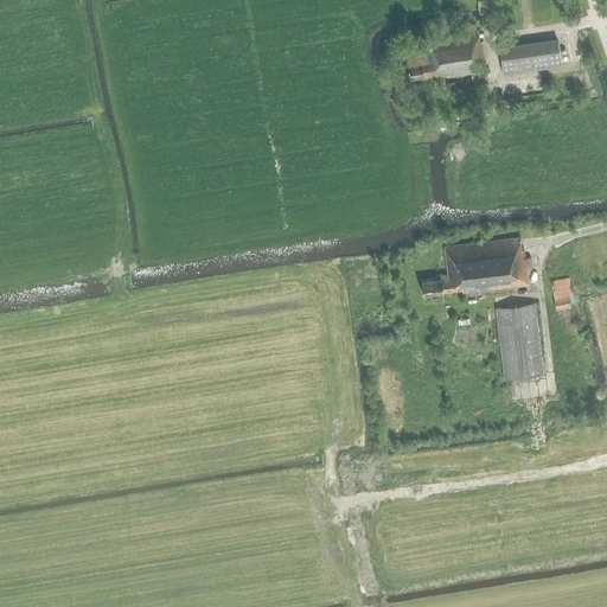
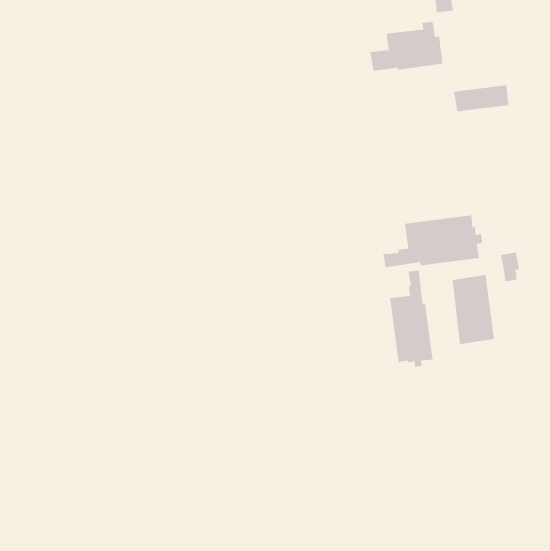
building: [499,43,561,72] -> [453,85,509,112]
building: none -> [390,270,433,368]

